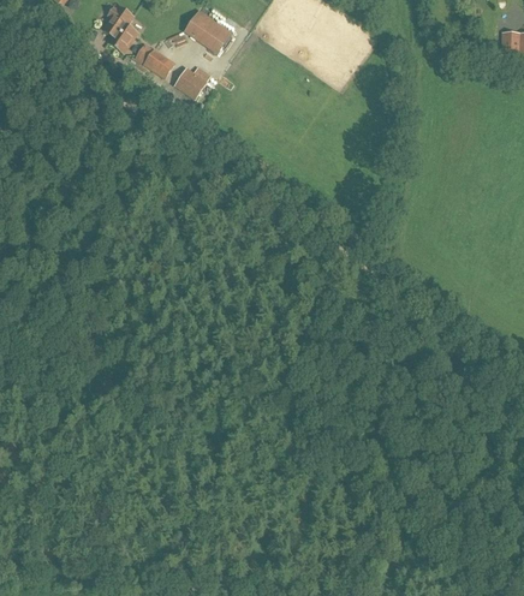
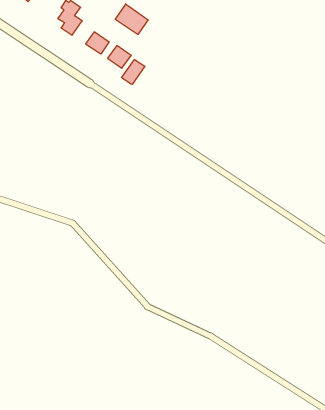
building: none -> [122,60,145,84]

